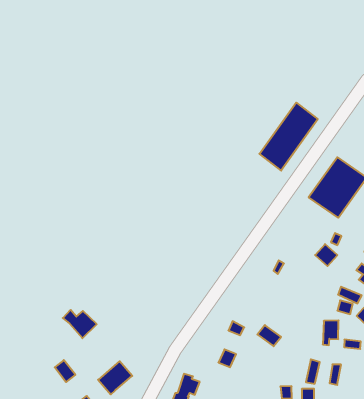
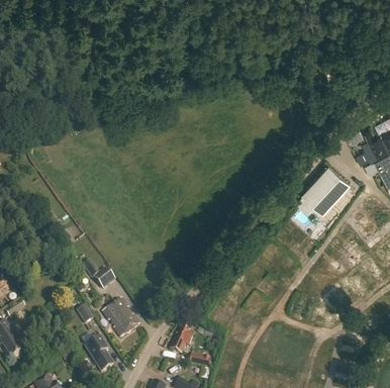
building: [259,103,318,171] -> none
building: none -> [102,297,130,323]

